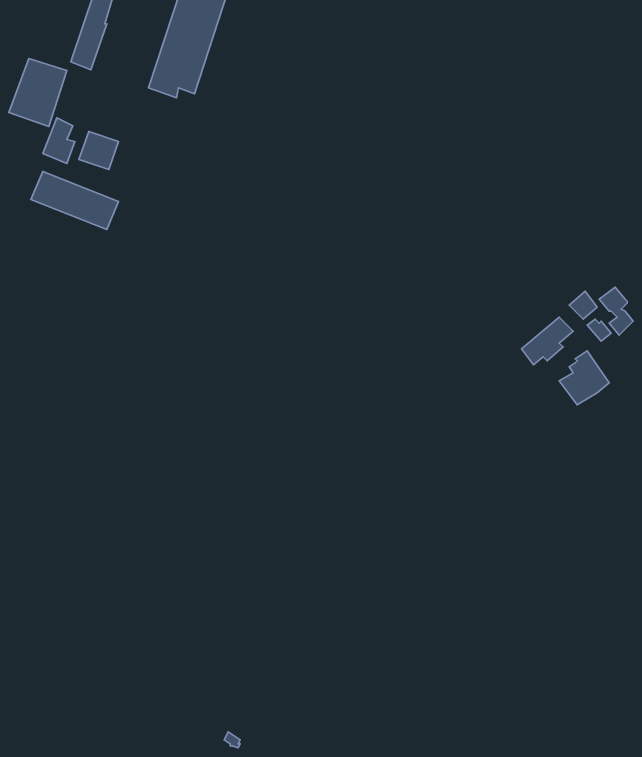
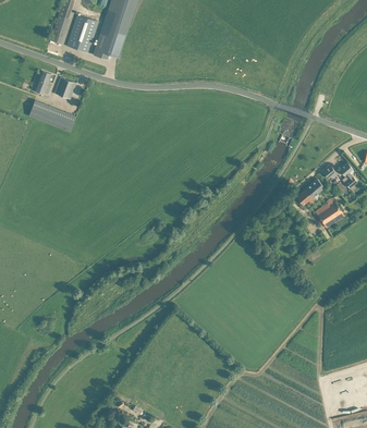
building: [9,59,67,126] -> [65,15,97,52]

